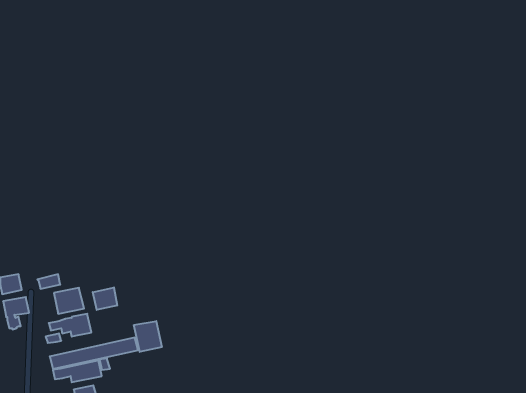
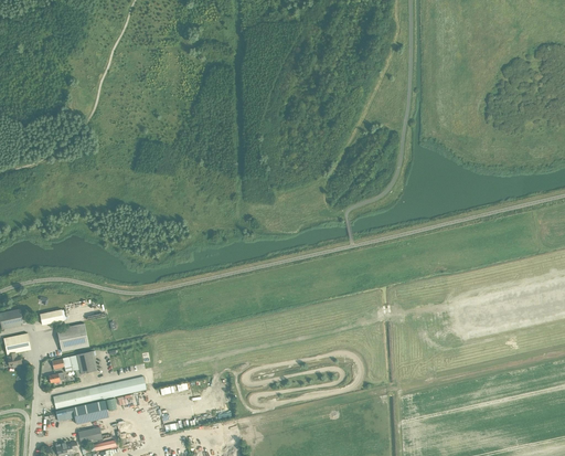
building: [93,287,117,310] -> none
building: [134,321,162,352] -> none

